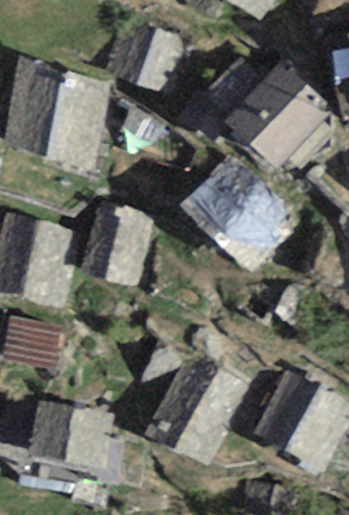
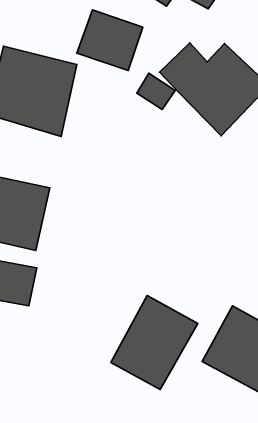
building: [179,154,288,270] -> none
building: [81,203,152,285] -> none
building: [28,400,114,473] -> none

